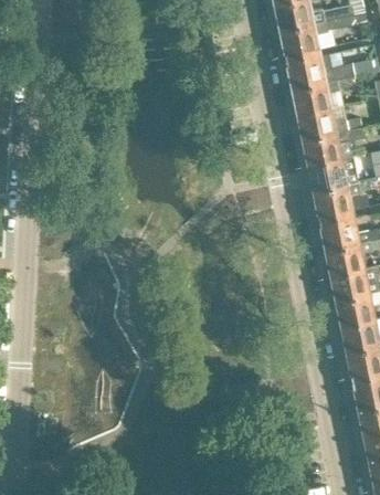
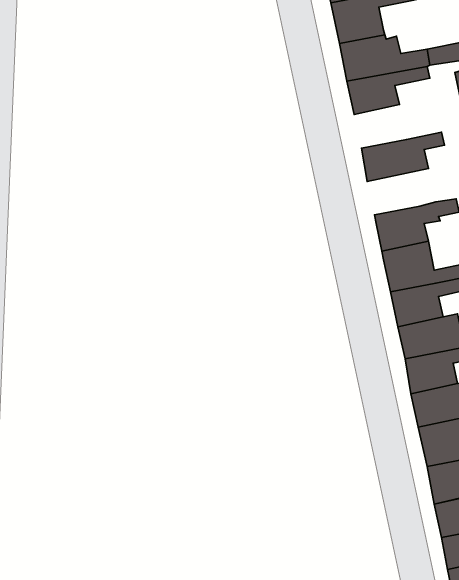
building: [296,105,362,138] -> none
building: [306,154,358,189] -> none

